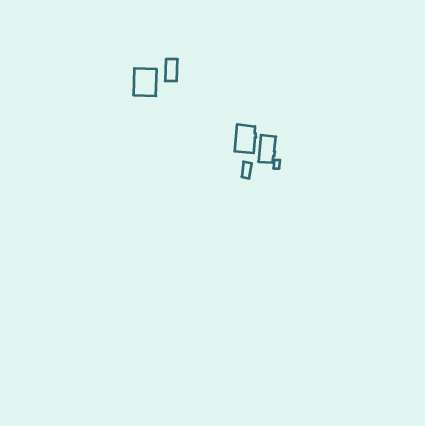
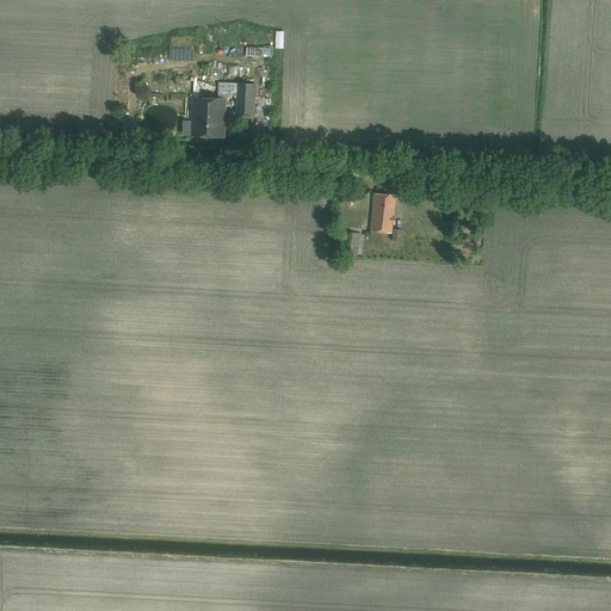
building: [235,124,256,153] -> none

